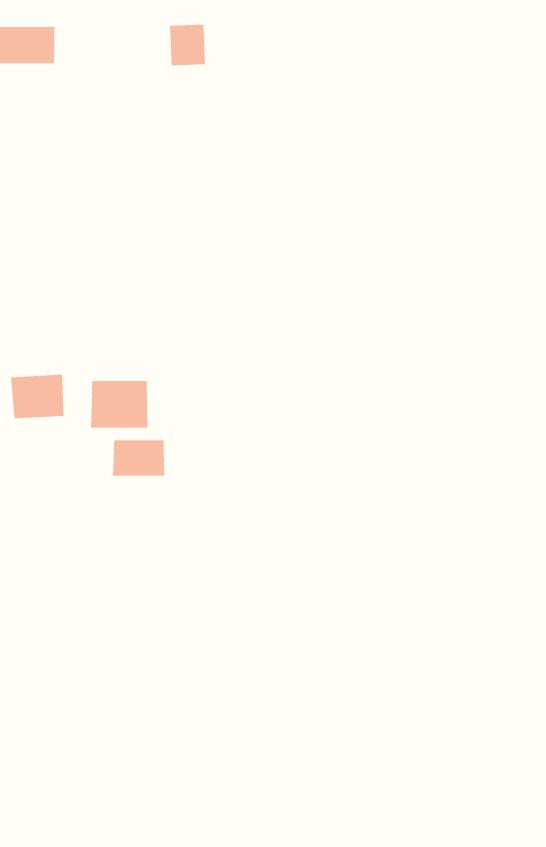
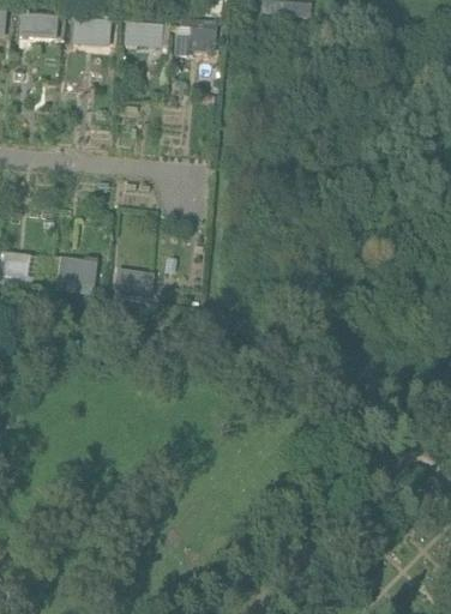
building: none -> [124,22,167,46]
building: [112,439,165,477] -> none

